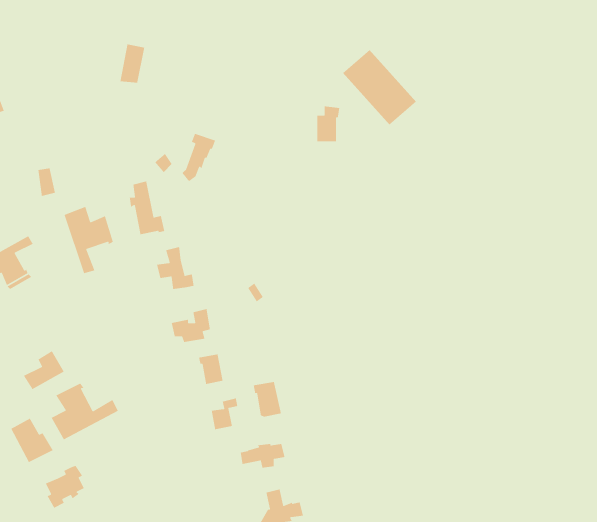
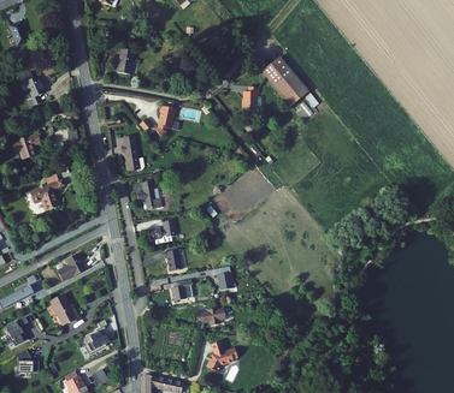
building: [64,206,114,274] -> none
building: [50,383,119,440] -> none

